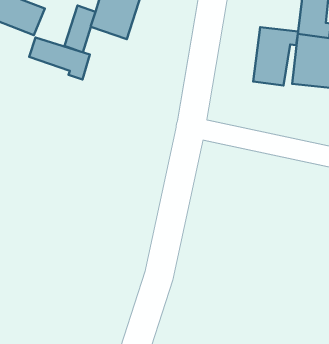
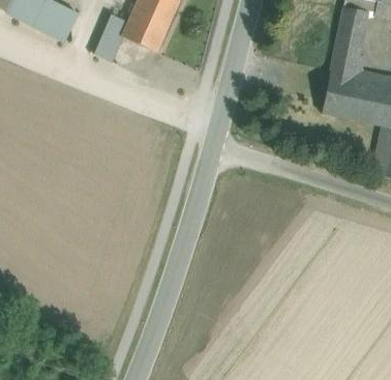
building: [253,27,298,86] -> none
building: [29,37,90,79] -> none

